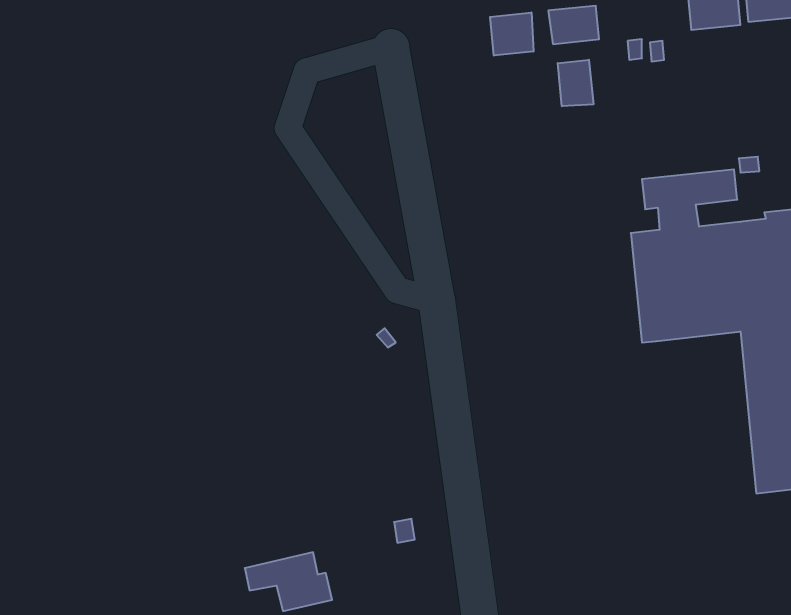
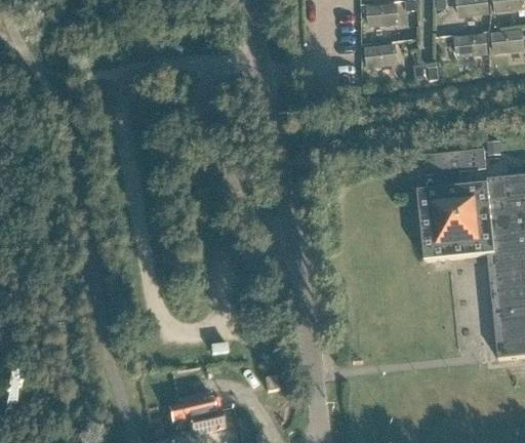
building: [490,12,533,56] -> none
building: [558,60,593,106] -> none

